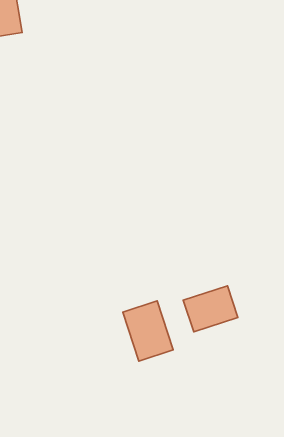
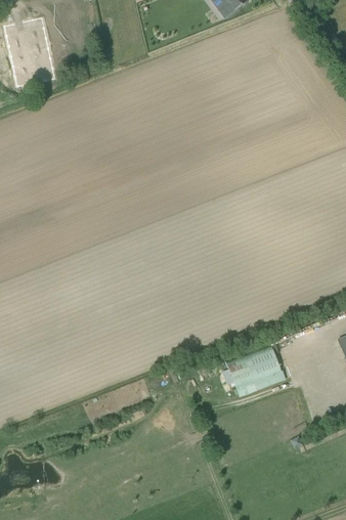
building: [123,301,173,361] -> none

